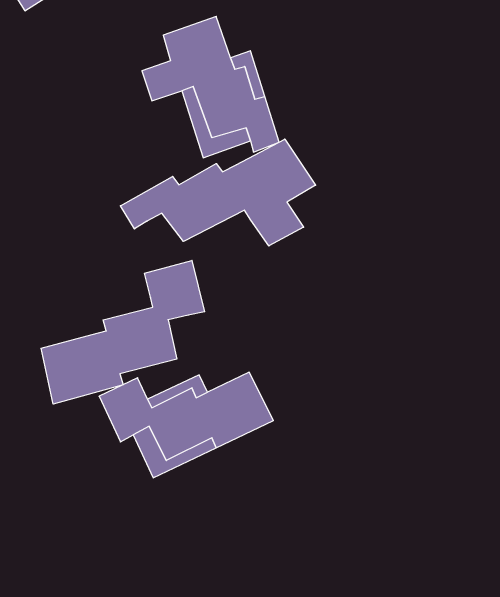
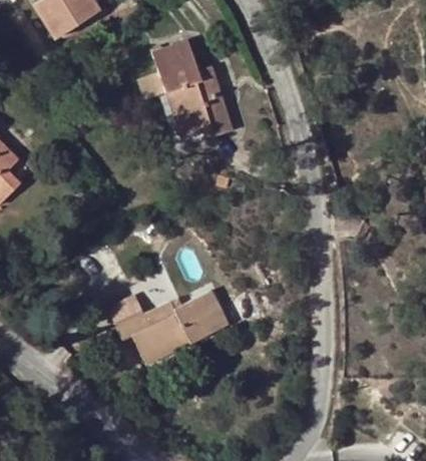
building: [120,139,316,246] -> none
building: [41,260,205,404] -> none

